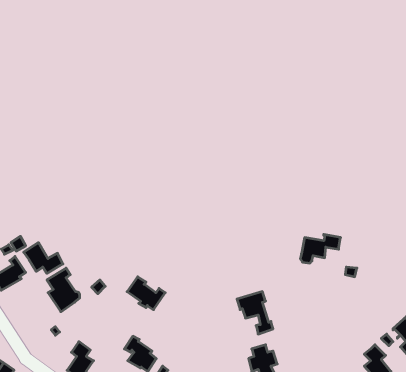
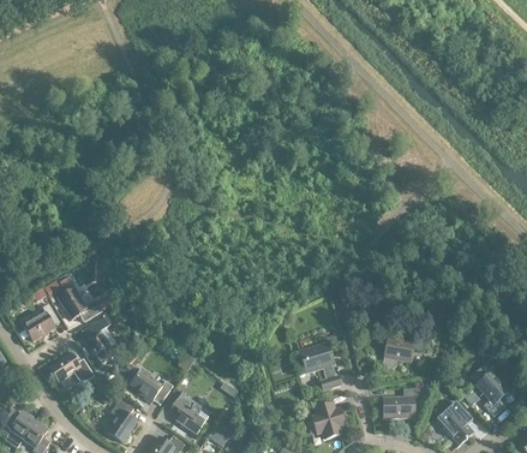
building: [300,234,341,263] -> [382,334,427,366]
building: [127,277,165,310] -> [128,366,172,404]
building: none -> [48,352,90,381]
building: none -> [382,387,417,417]

